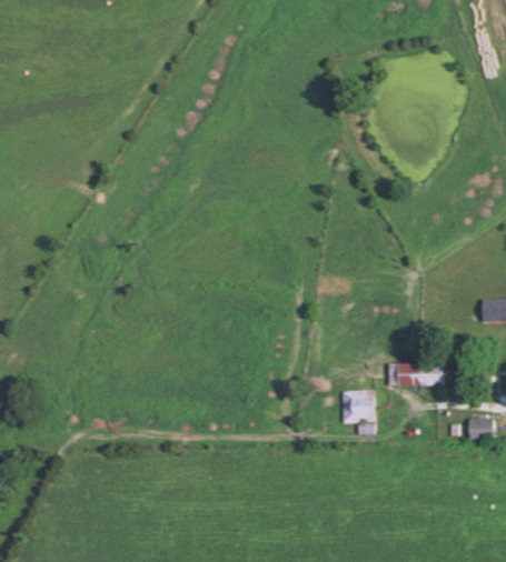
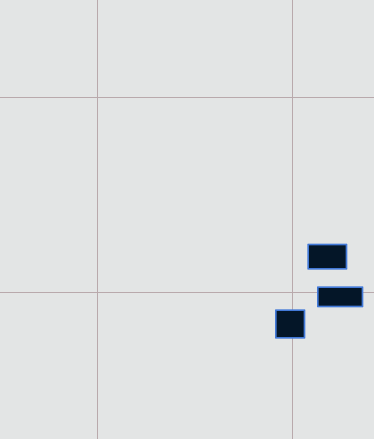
building: none -> [308,245,346,269]

